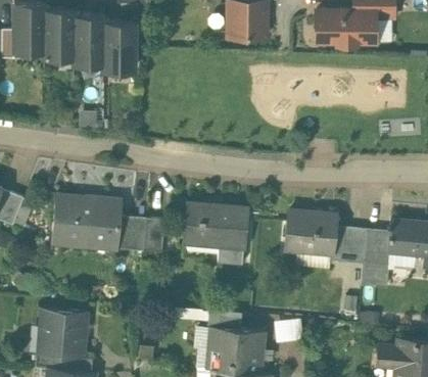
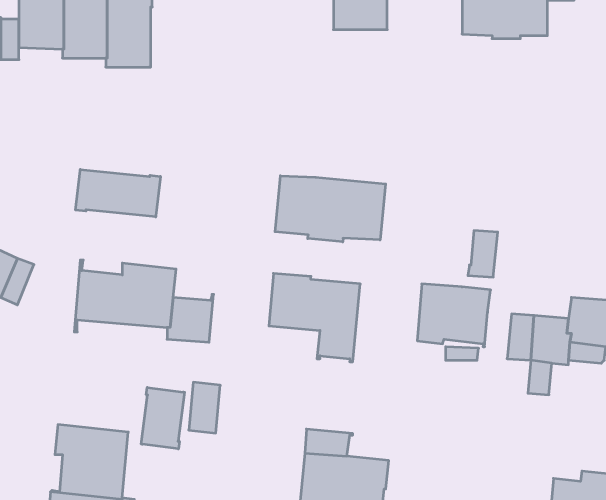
building: [103,22,135,69] -> none
building: none -> [76,169,160,217]
building: none -> [275,176,386,242]
building: [144,219,165,253] -> [189,382,220,433]
building: [330,231,350,263] -> [468,231,498,277]
building: none -> [141,387,185,449]

